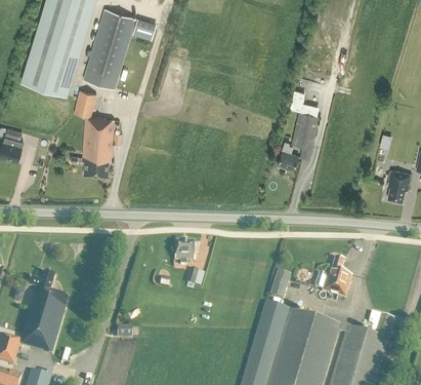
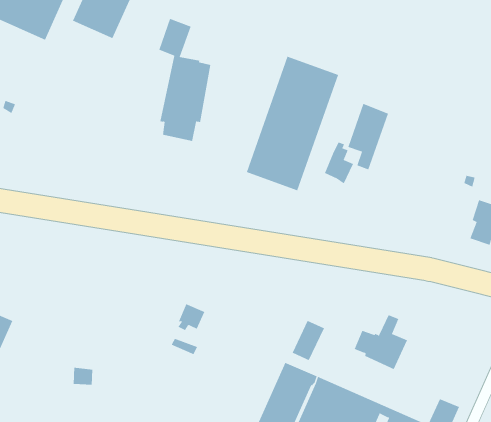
building: none -> [246,56,339,191]
building: [74,89,113,176] -> [158,18,211,142]
building: [174,243,194,266] -> none

